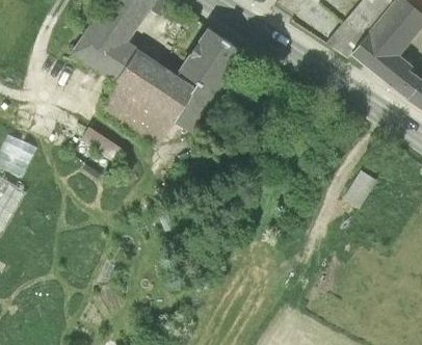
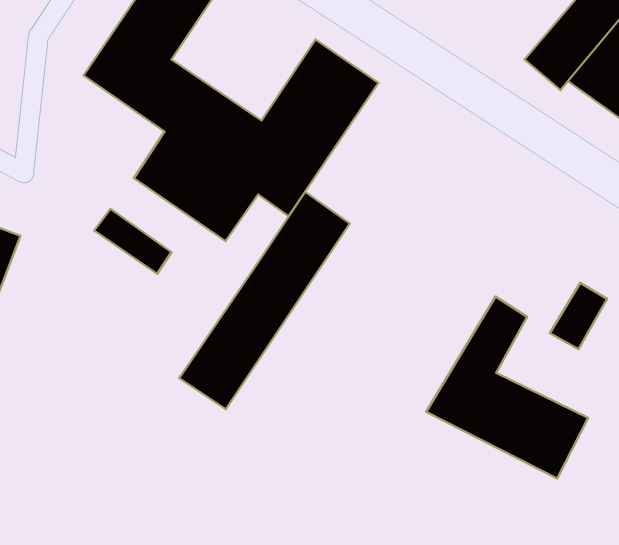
building: none -> [179,192,350,409]
building: none -> [426,296,588,478]

